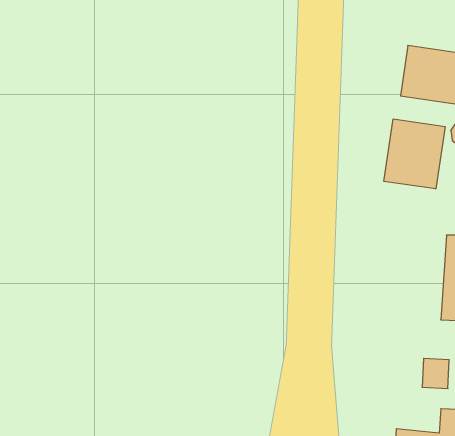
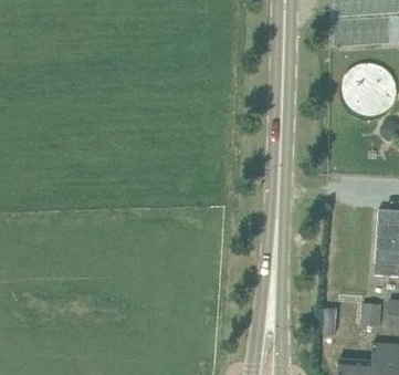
building: [384,119,445,189] -> none

